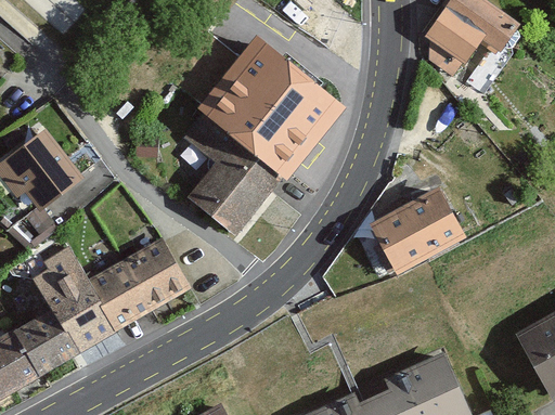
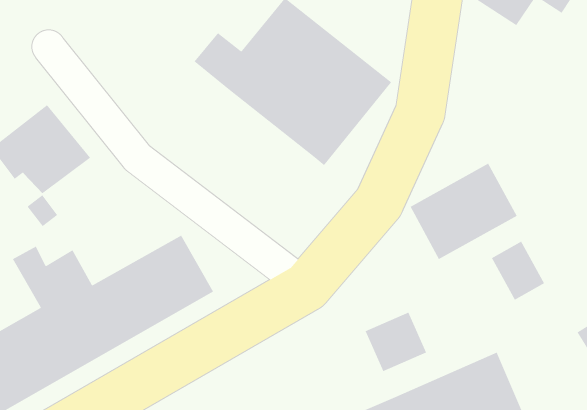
building: [183,116,281,236] -> none
building: none -> [491,241,545,301]
building: none -> [365,311,427,372]

